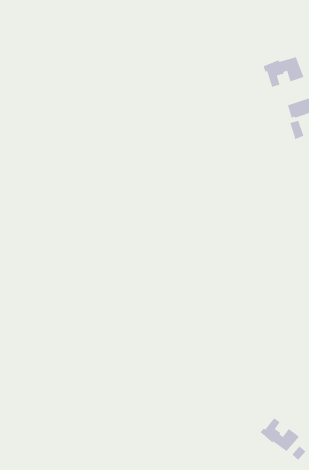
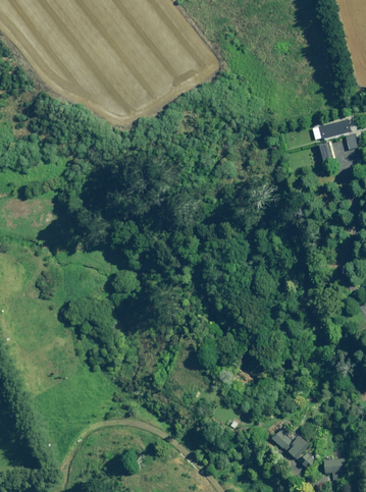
building: [263,57,304,87] -> none

